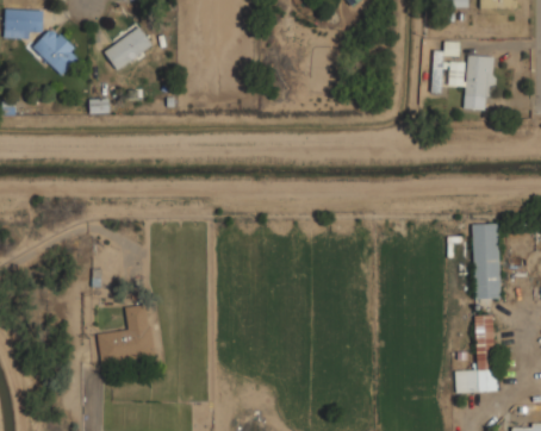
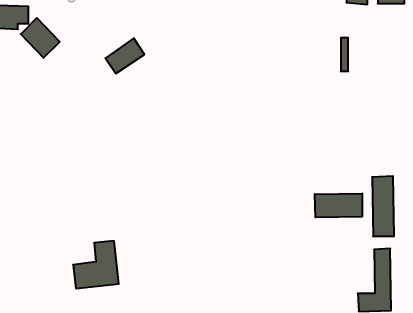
building: [104,25,153,69] -> [105,38,144,73]
building: [448,54,493,108] -> none
building: none -> [315,193,362,217]

